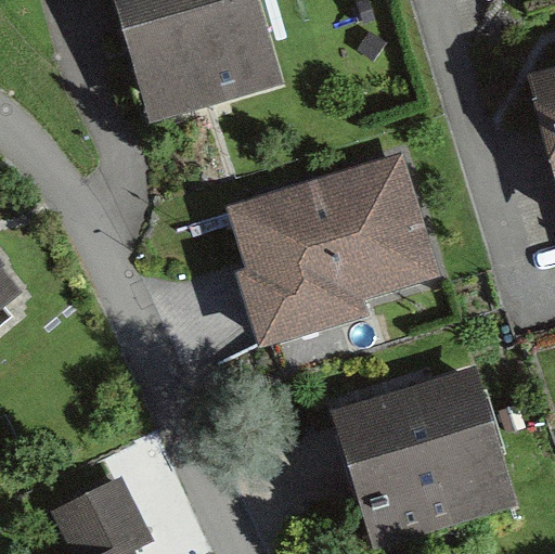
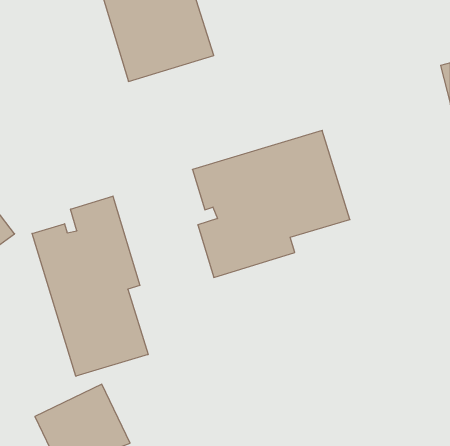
building: none -> [32,196,148,376]
building: [340,381,504,516] -> none

